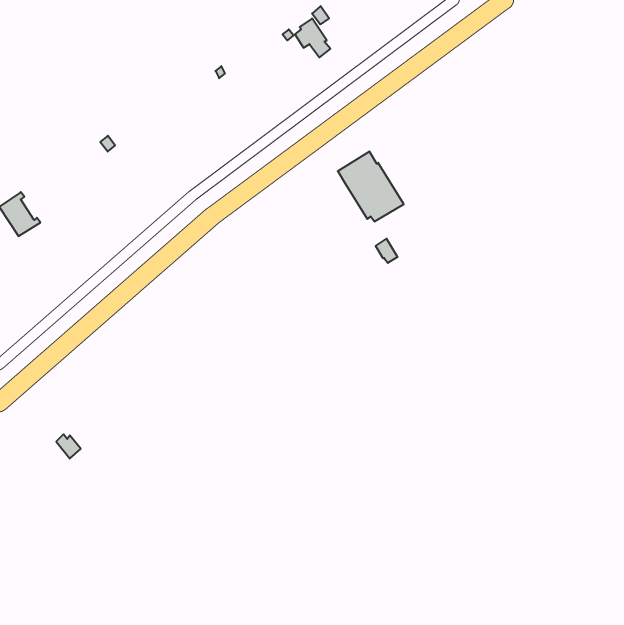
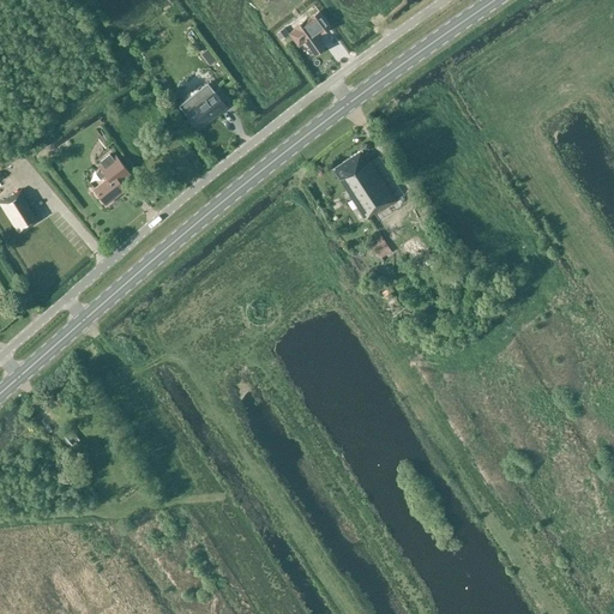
building: none -> [177,83,225,130]
building: none -> [92,154,131,206]

